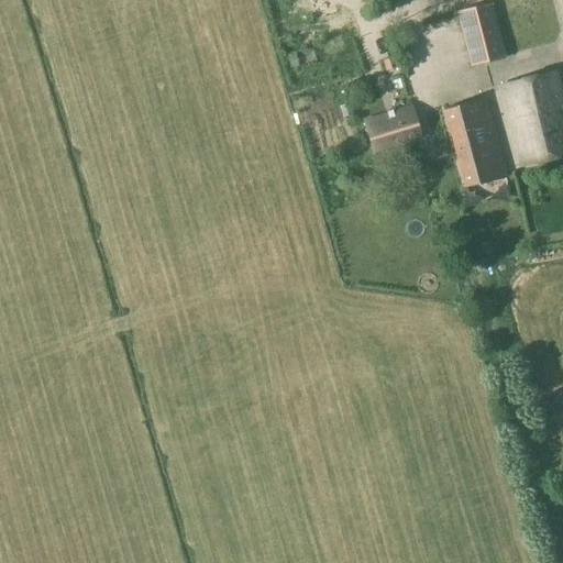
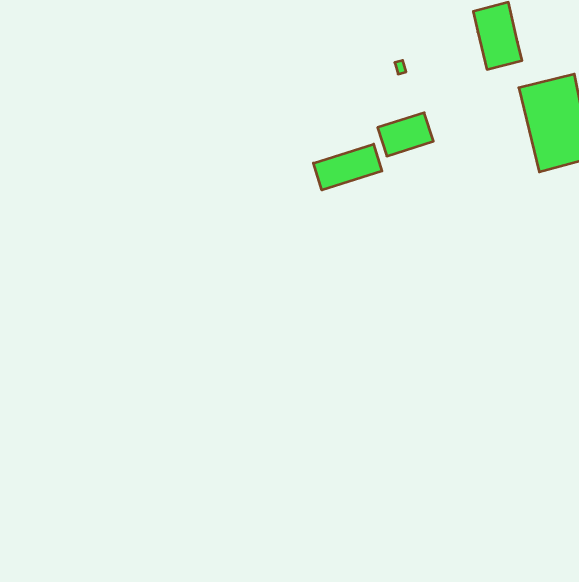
building: [445,97,509,188] -> none
building: none -> [313,144,382,190]

